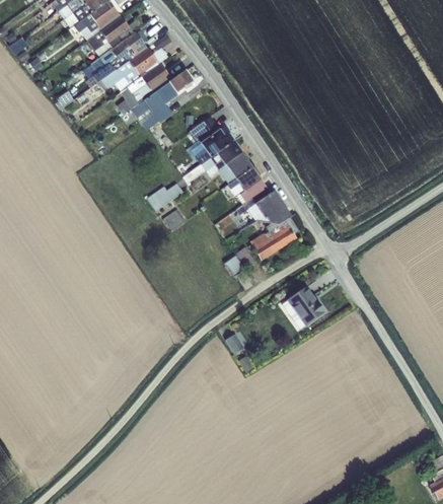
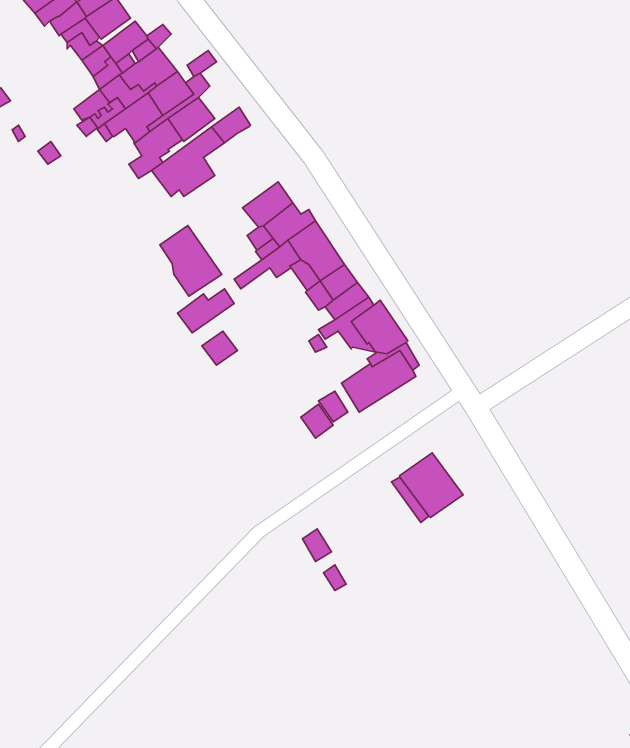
building: none -> [160,226,222,296]

